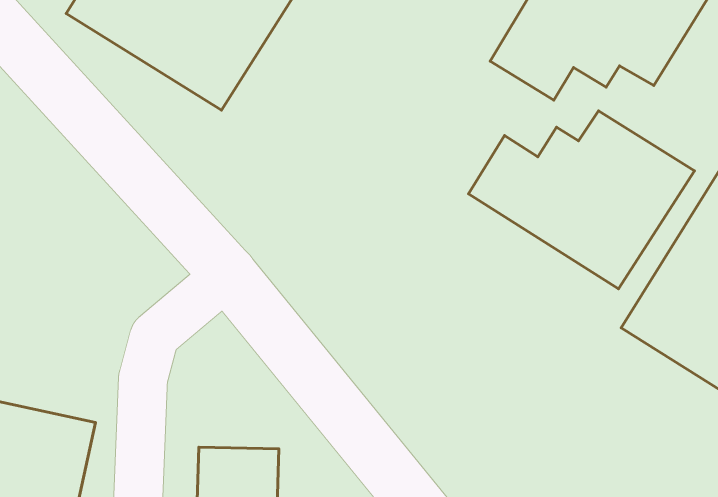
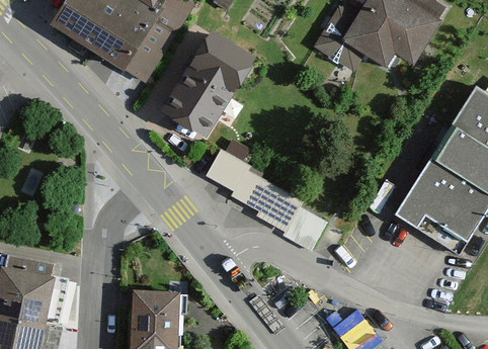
building: none -> [158,28,254,137]
building: [469,111,695,289] -> none
building: none -> [202,154,329,250]

